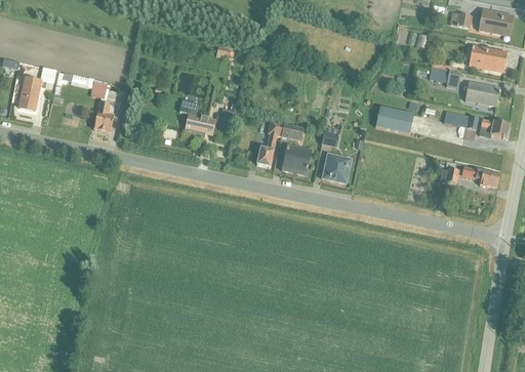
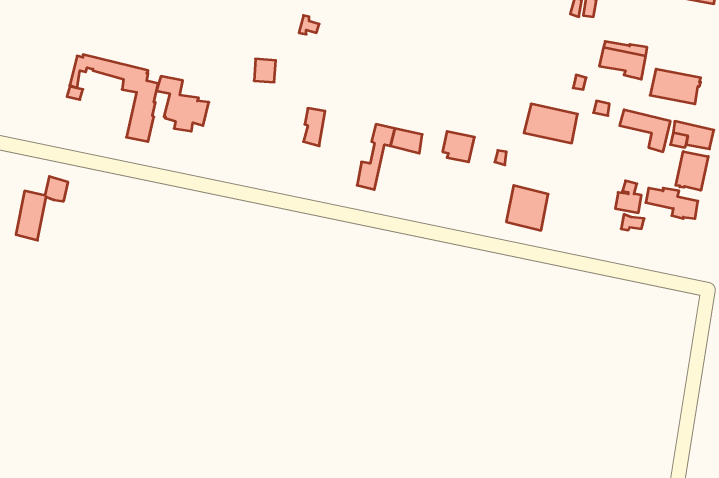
building: [469,44,507,72] -> none
building: [19,66,56,111] -> [16,176,68,240]
building: [179,100,216,139] -> [157,76,209,131]
building: none -> [676,151,708,190]
building: [282,143,312,174] -> none
building: [322,152,352,183] -> [506,185,548,230]

